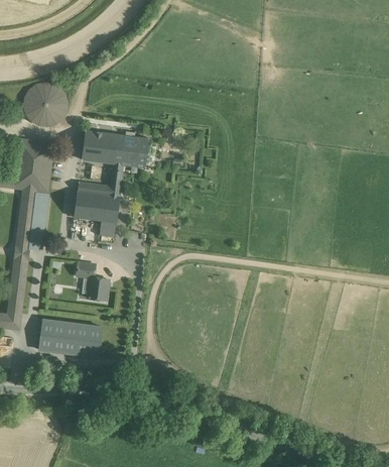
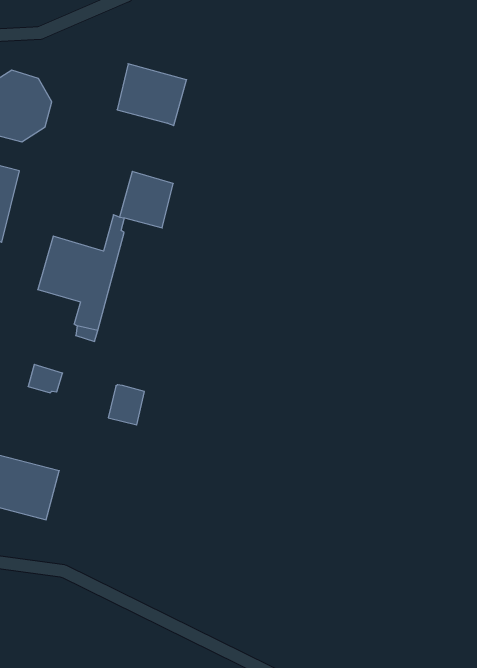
building: [82,130,122,164] -> [117,64,187,126]
building: [88,277,108,301] -> [108,385,144,425]

